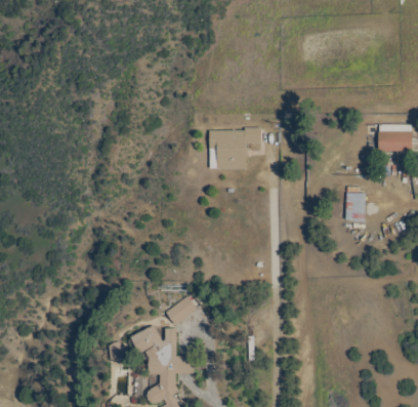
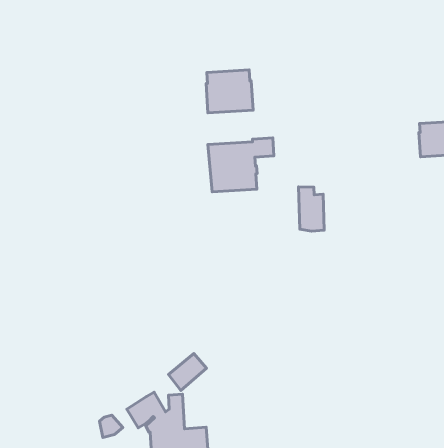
building: none -> [206,70,253,113]
building: [345,186,366,221] -> [298,187,324,231]

